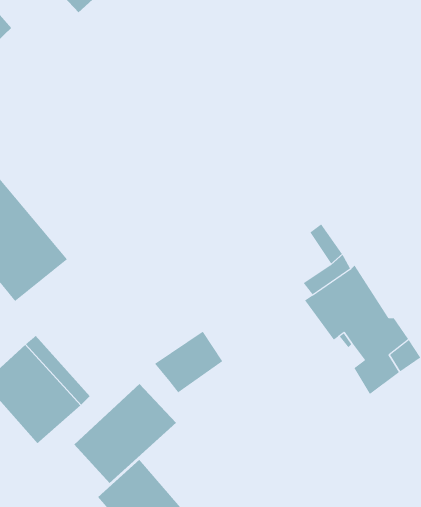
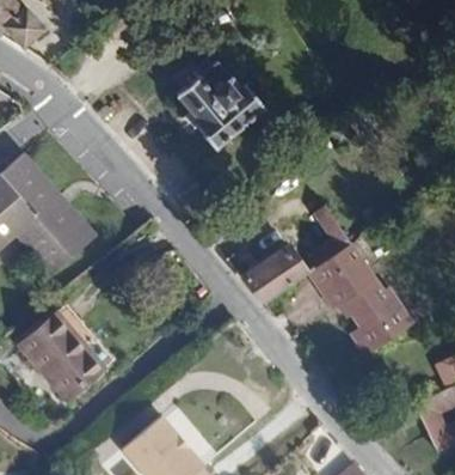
building: none -> [174,59,263,147]
building: [154,331,223,393] -> [241,248,303,304]
building: [73,383,177,484] -> none

